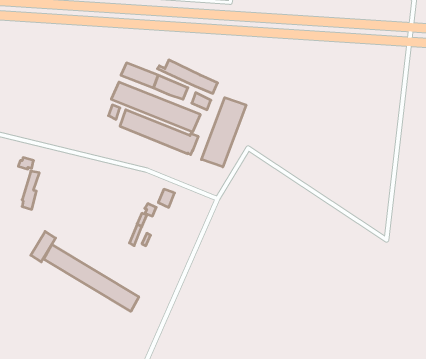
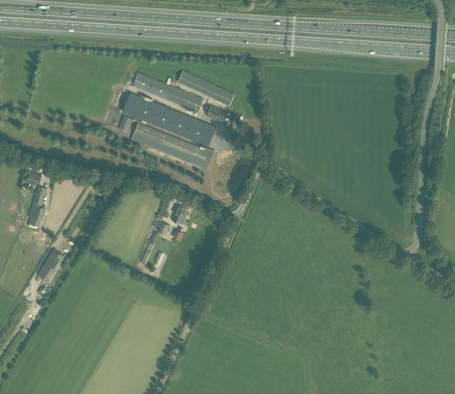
building: [201,98,246,167] -> none
building: [44,245,139,311] -> none

